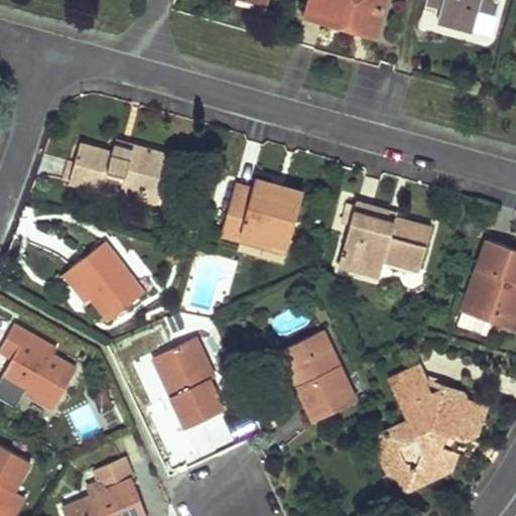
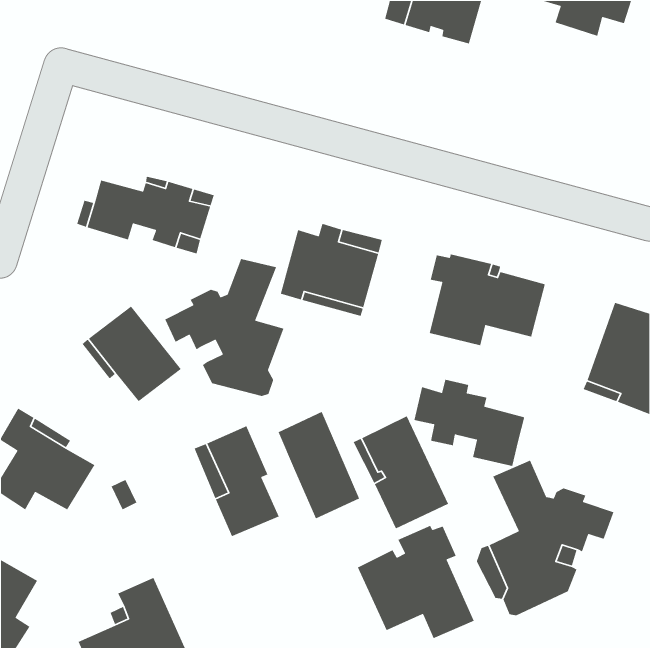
building: none -> [164,258,285,397]
building: none -> [414,379,525,467]
building: none -> [278,411,360,520]
building: none -> [357,525,475,639]

